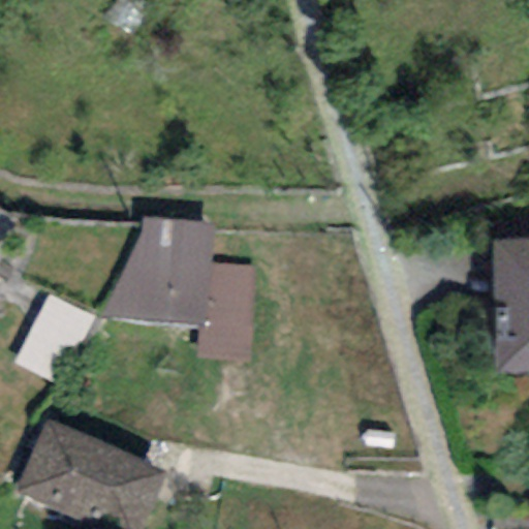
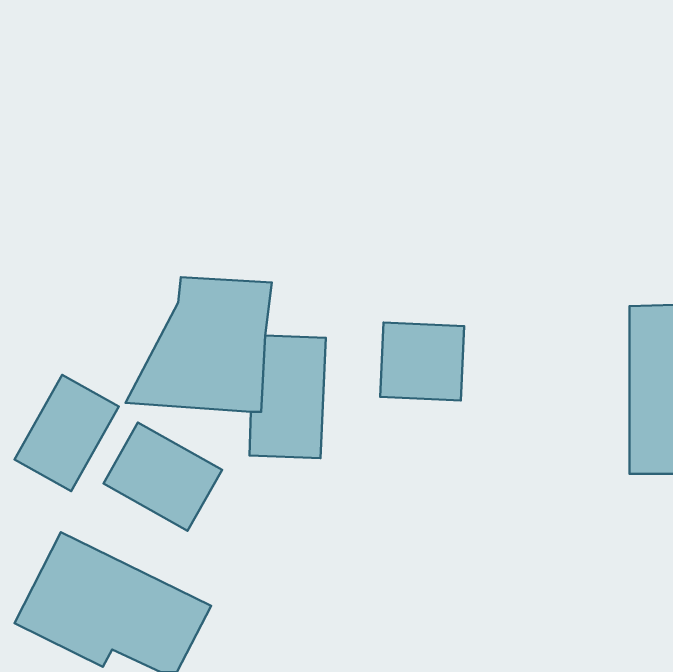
building: none -> [380,322,464,400]
building: none -> [103,422,222,531]

